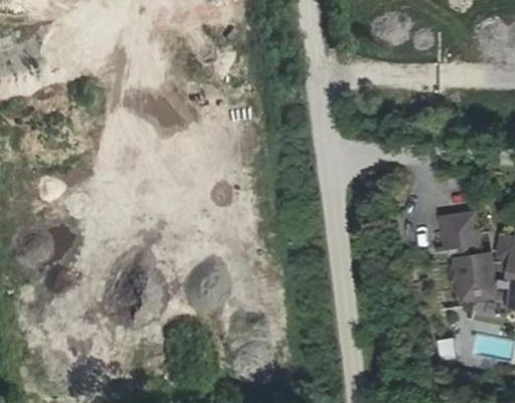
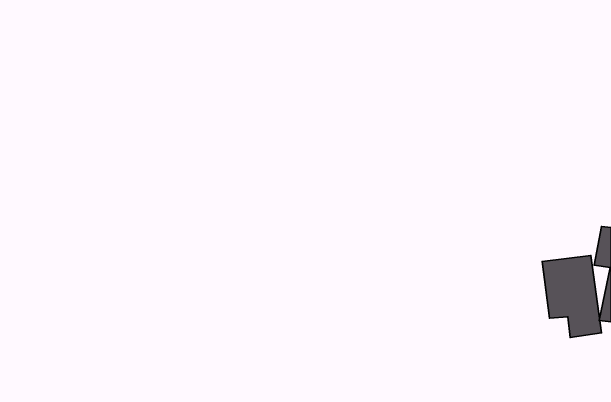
building: [440,209,483,251] -> none

